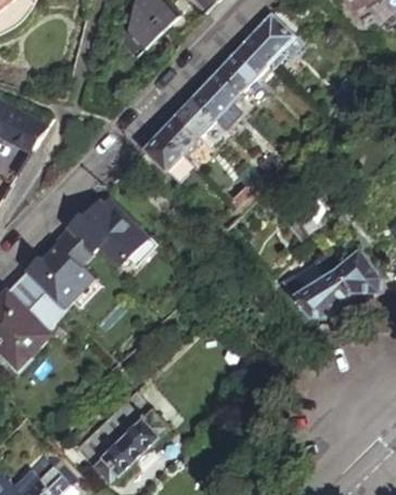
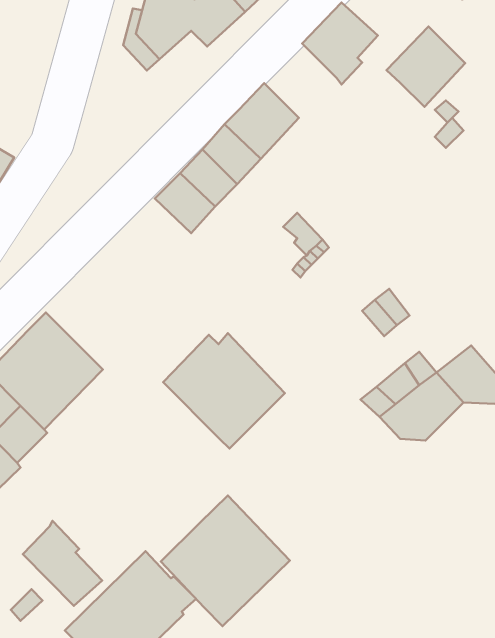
building: none -> [386,26,465,107]
building: [217,43,268,94] -> none
building: [66,195,150,275] -> [163,333,285,449]
building: none -> [161,496,290,626]
building: none -> [23,521,102,606]

